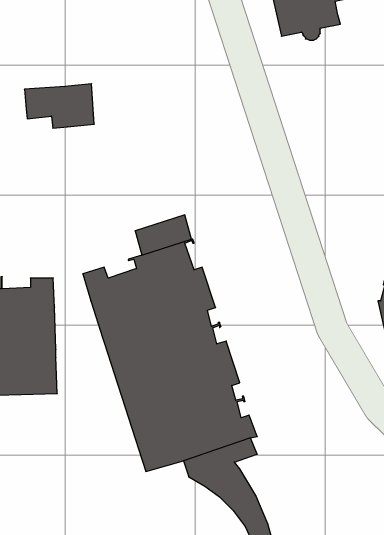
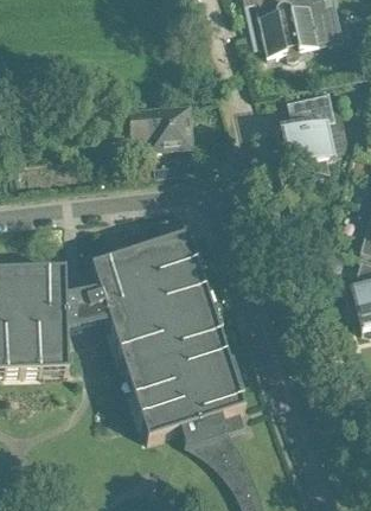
building: none -> [273,90,335,173]
building: [24,84,94,128] -> [127,108,188,147]
building: none -> [65,289,108,332]

